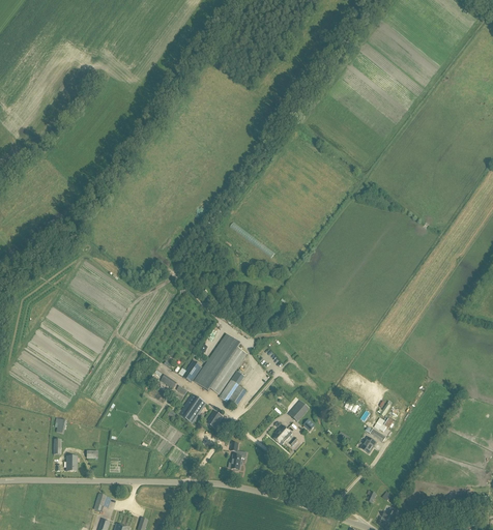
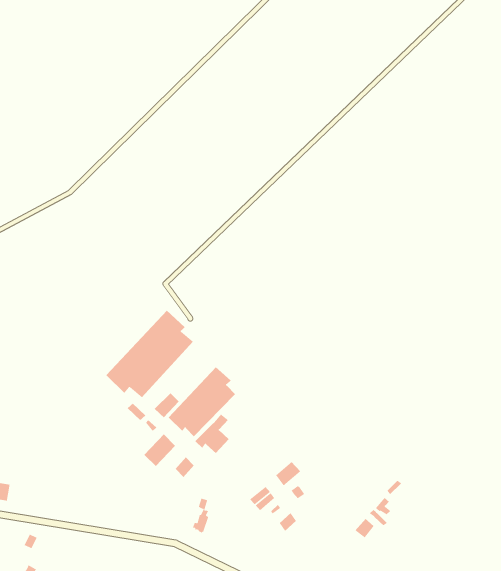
building: none -> [106,310,194,398]

